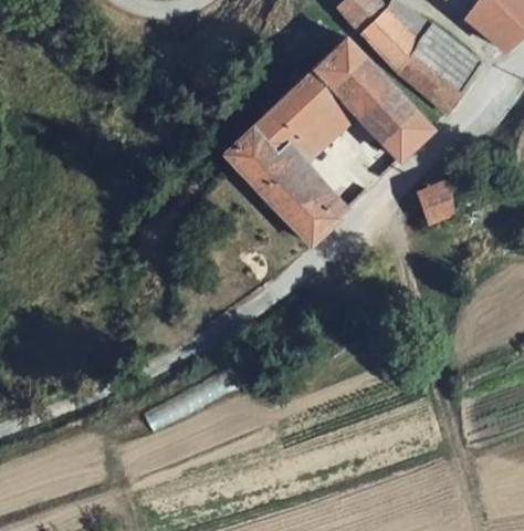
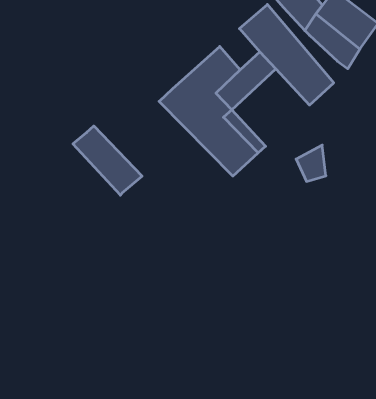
building: [294,67,342,116] -> none
building: [418,176,453,219] -> [296,145,326,181]
building: none -> [73,126,142,195]

